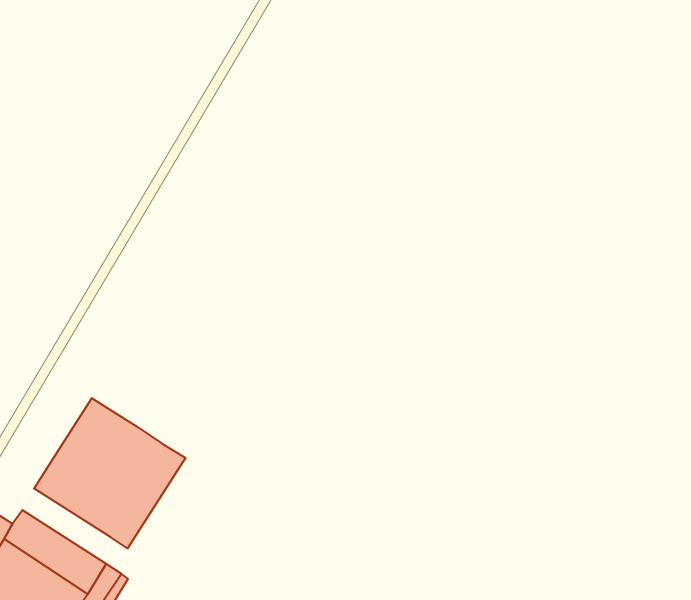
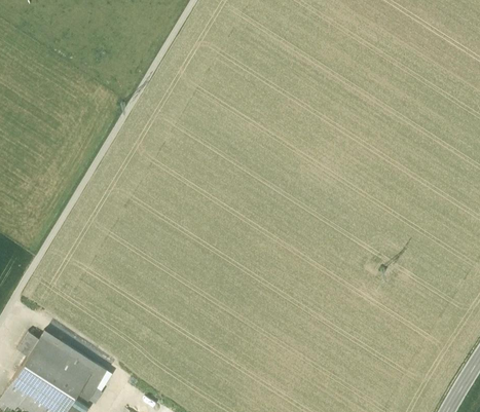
building: [34,398,185,548] -> none

